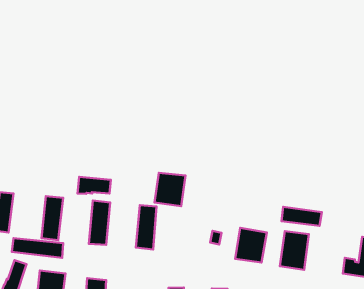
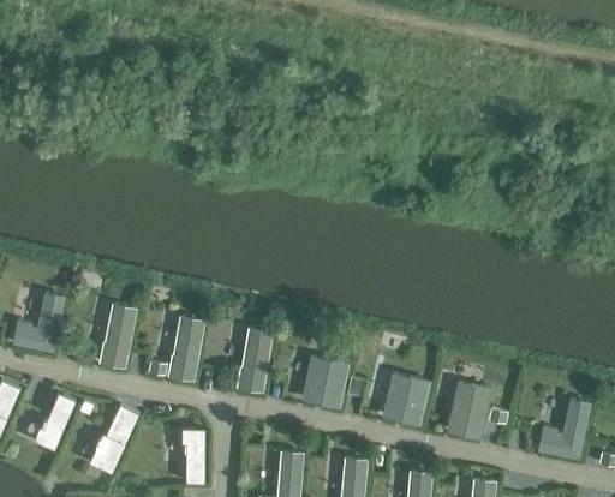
building: [155,173,185,206] -> [300,357,348,408]
building: [78,177,111,194] -> none
building: [282,207,322,226] -> none
building: [12,238,63,258] -> none

